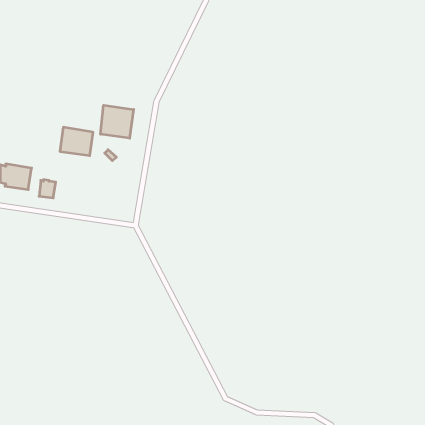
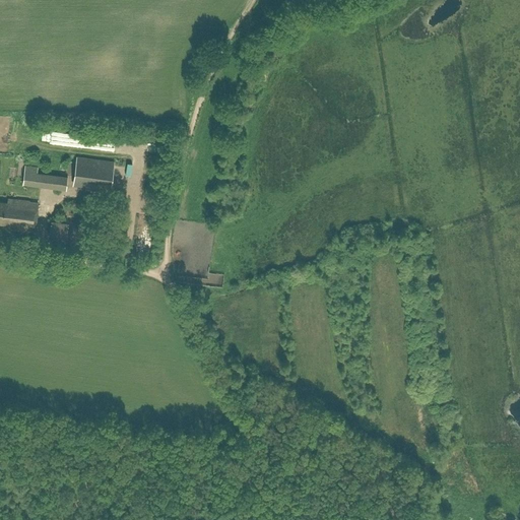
building: [101,105,134,138] -> none
building: none -> [22,165,69,192]

